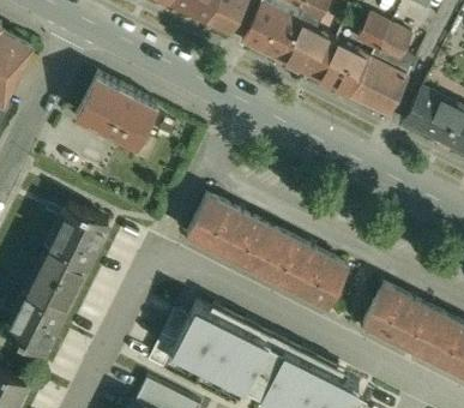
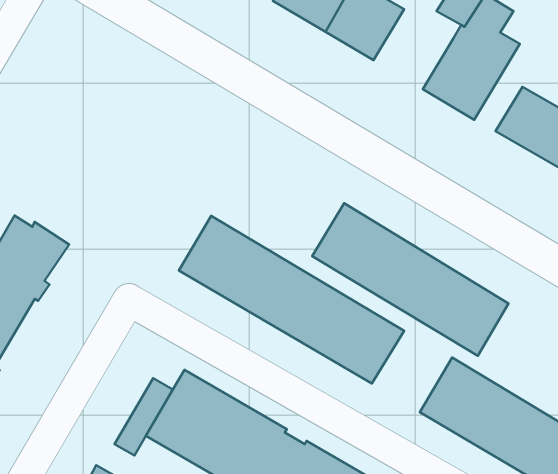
building: [314,43,369,98] -> none
building: [77,76,157,146] -> none
building: none -> [312,203,508,356]

